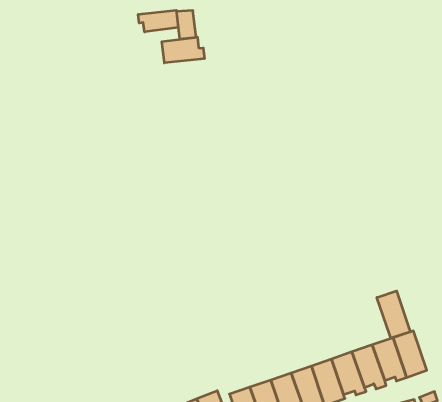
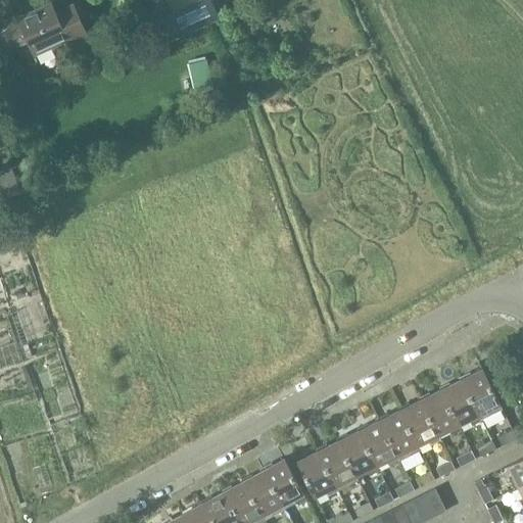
building: [138,10,178,32] -> none
building: [162,37,204,63] -> none
building: [377,291,410,338] -> none

